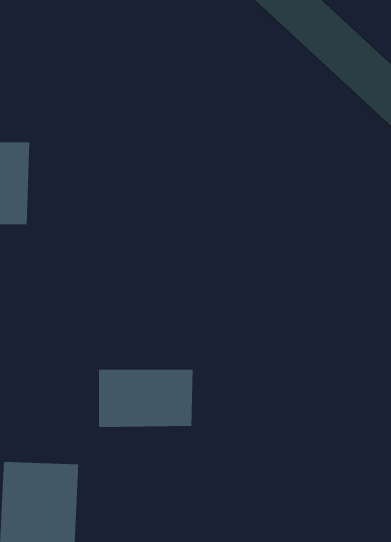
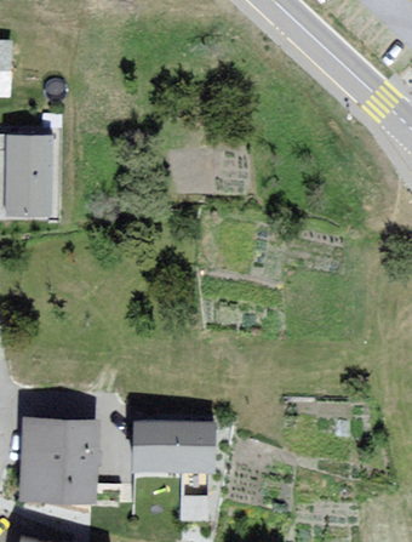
building: [98,369,194,428] -> [119,423,204,475]

